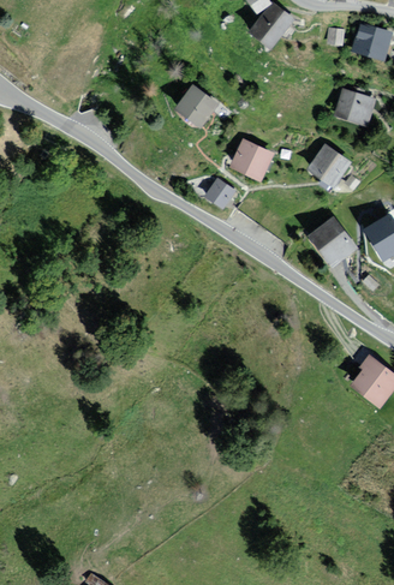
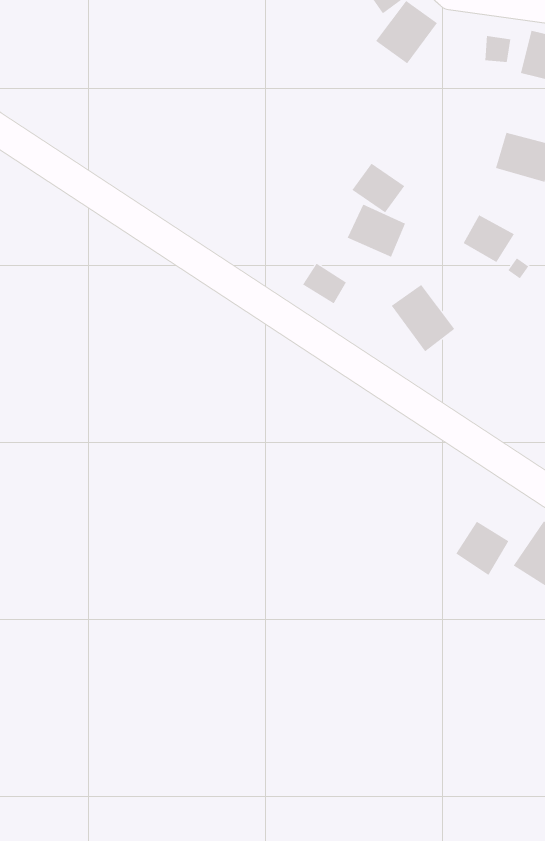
building: [181,86,217,120] -> [351,163,405,213]
building: [311,219,354,264] -> [391,284,455,352]
building: none -> [456,521,509,576]

